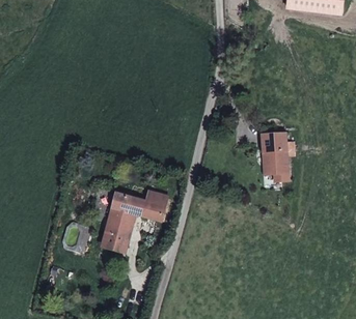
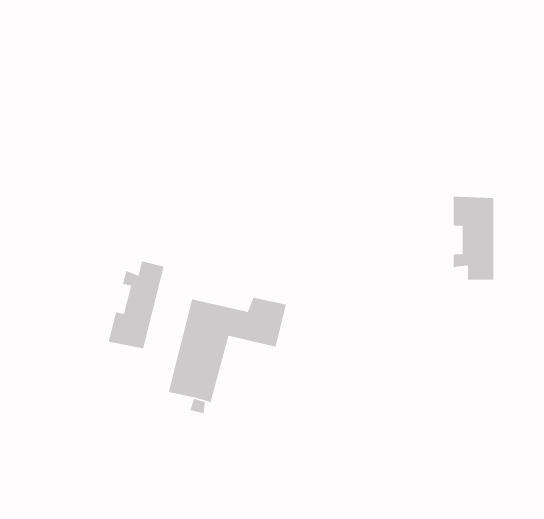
building: none -> [108,260,165,349]

